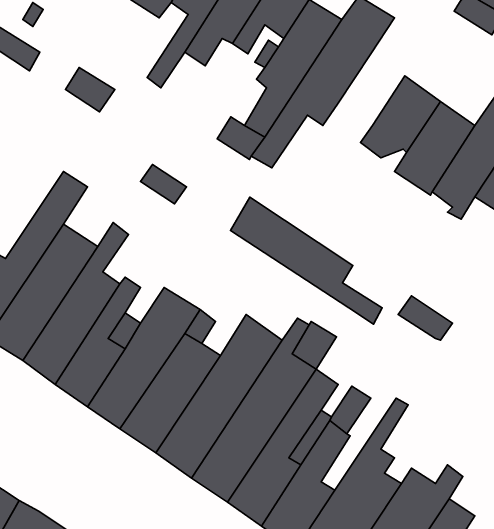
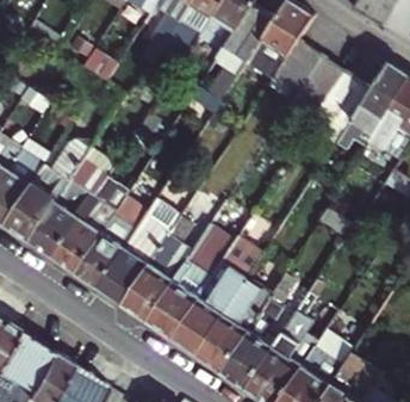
building: none -> [274,39,321,89]
building: [231,197,382,324] -> none

